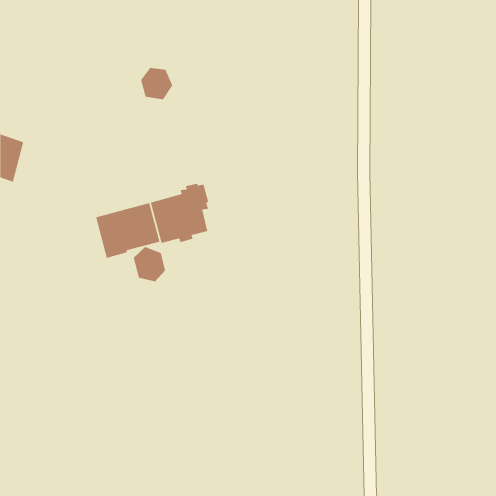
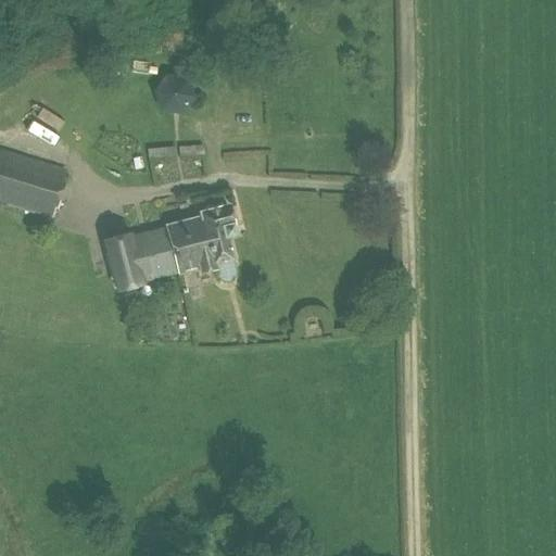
building: none -> [15,159,64,215]
building: [133,246,166,282] -> none

